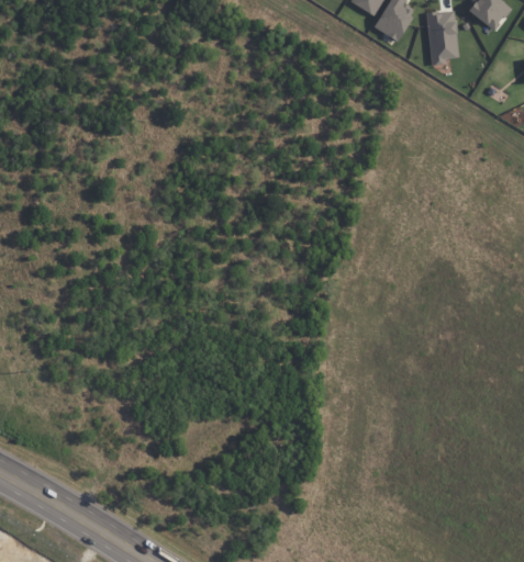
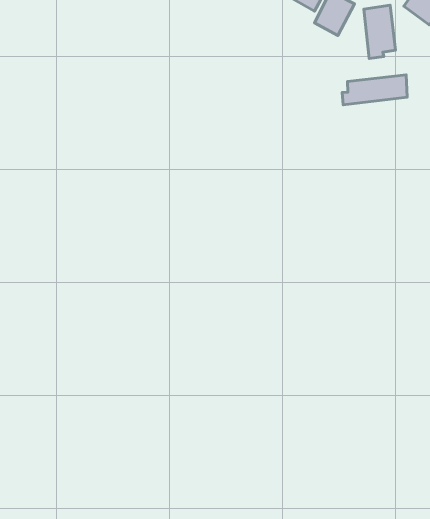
building: none -> [342,75,407,105]

